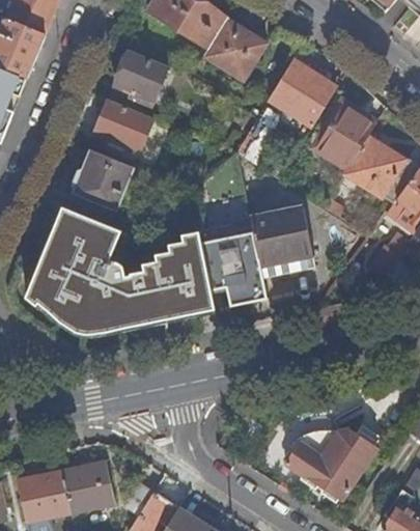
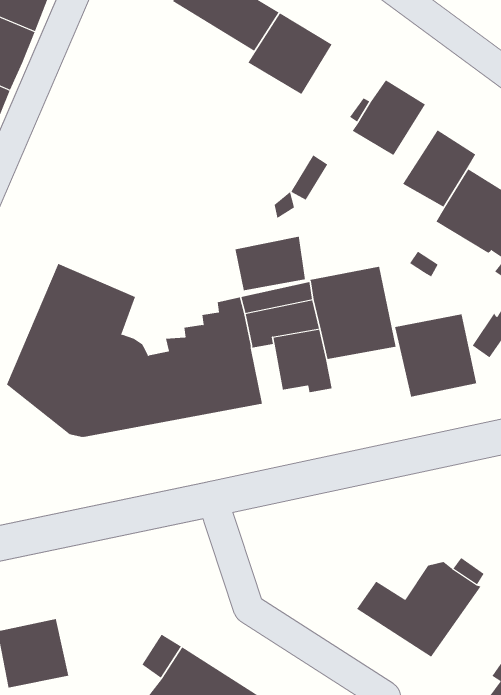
building: [114,50,168,102] -> none
building: [94,100,152,151] -> none
building: [74,149,132,208] -> none
building: none -> [235,236,305,291]
building: none -> [395,313,477,398]
building: [61,460,116,513] -> none

